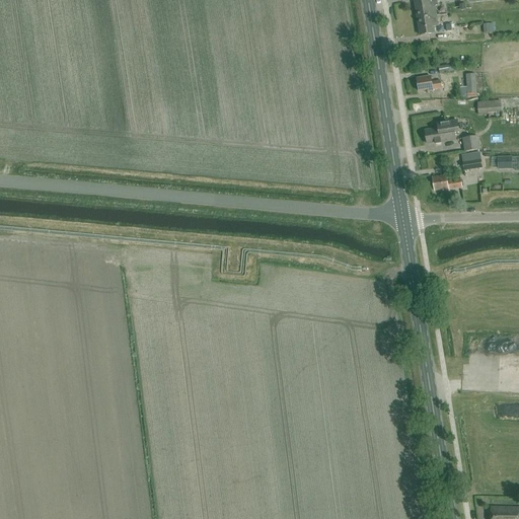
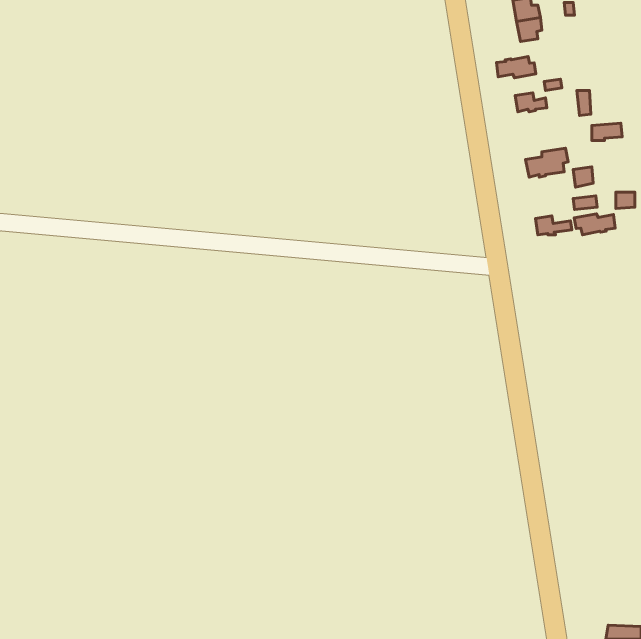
building: none -> [496,56,536,78]
building: none -> [574,214,615,235]

